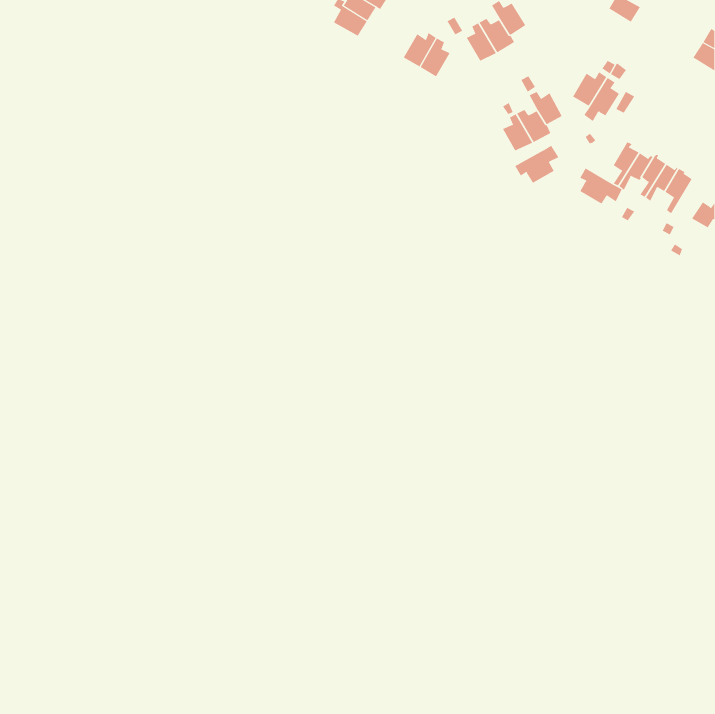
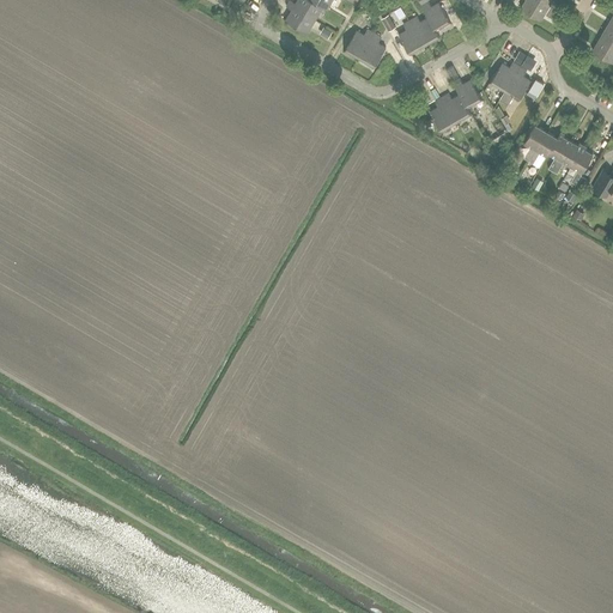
building: [514,145,559,184] -> none
building: [579,167,623,205] -> none

